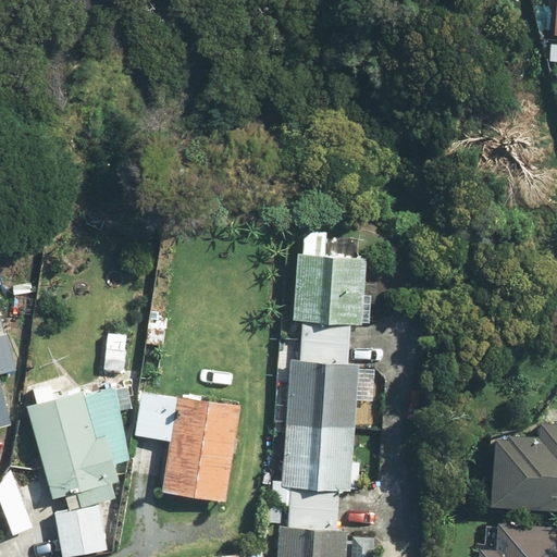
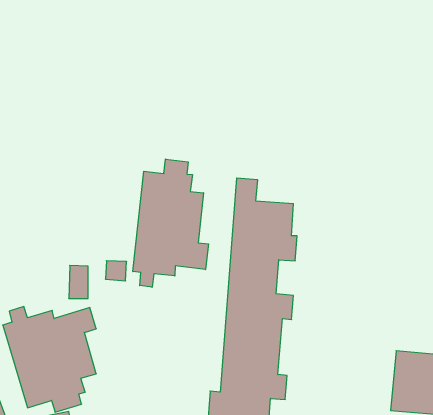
building: none -> [133,159,208,287]
building: [134,392,237,503] -> none

